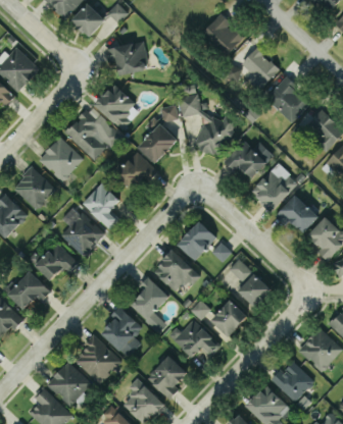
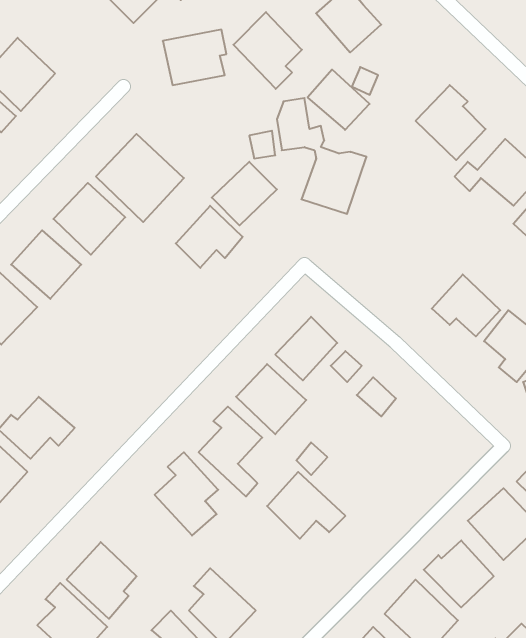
building: [241,47,280,85] -> [308,70,370,130]
building: [95,83,138,130] -> [233,12,302,89]
building: [224,139,273,177] -> none
building: [251,164,298,210] -> none
building: [83,181,124,228] -> none
building: [61,205,104,256] -> none
building: [35,242,79,280] -> none
building: [238,272,272,307] -> none
building: [211,299,248,336] -> none
building: [72,334,121,383] -> none
building: [147,355,188,399] -> none

